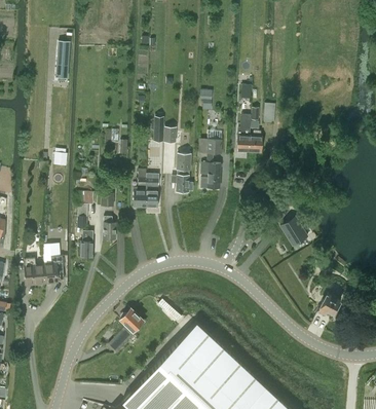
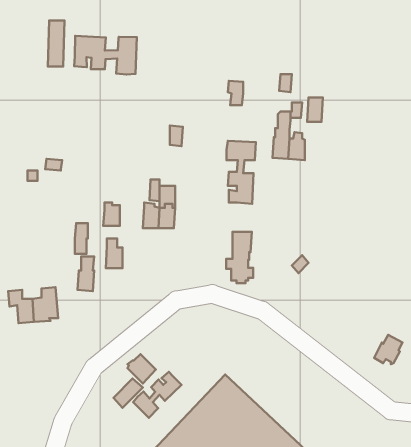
building: none -> [74,36,137,75]
building: [171,154,192,195] -> [226,232,253,283]
building: [279,217,307,247] -> none
building: none -> [133,372,182,418]

